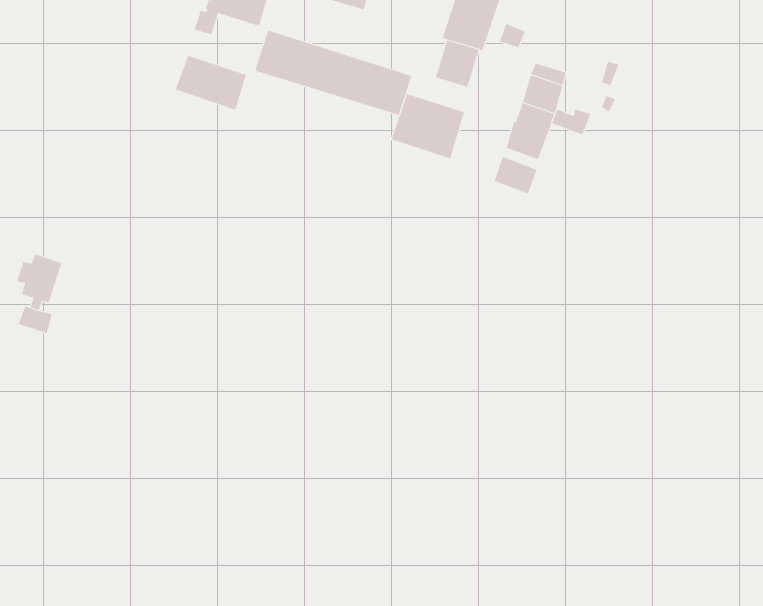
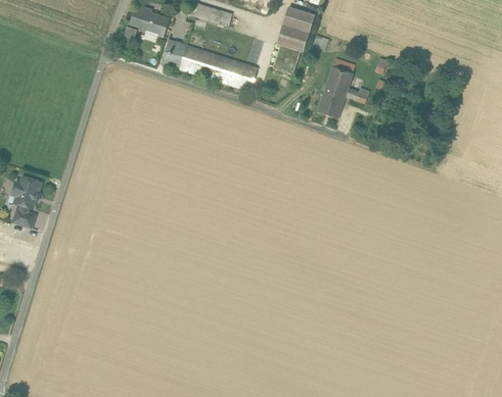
building: [175,55,247,111] -> none
building: [391,93,465,159] -> none
building: [494,156,537,195] -> none

